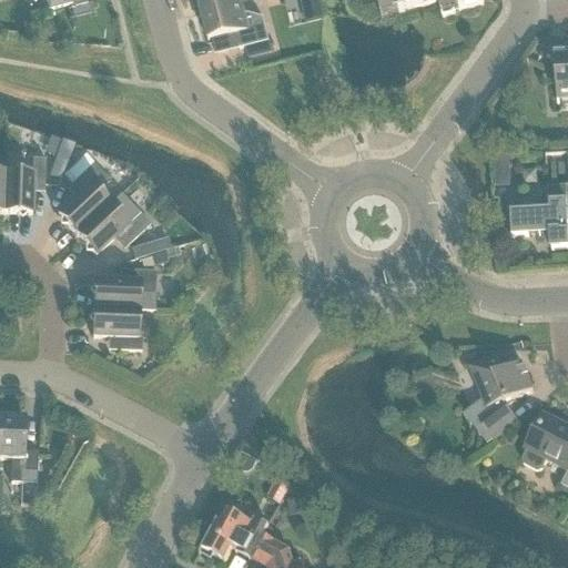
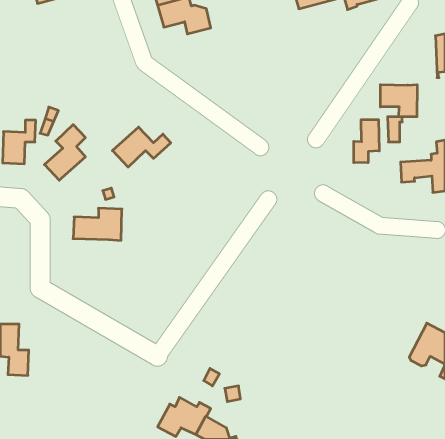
building: none -> [380,85,417,117]
building: none -> [354,120,379,163]
building: [75,200,150,251] -> [112,127,171,167]
building: [92,304,141,346] -> none
building: [463,348,532,439] -> none

